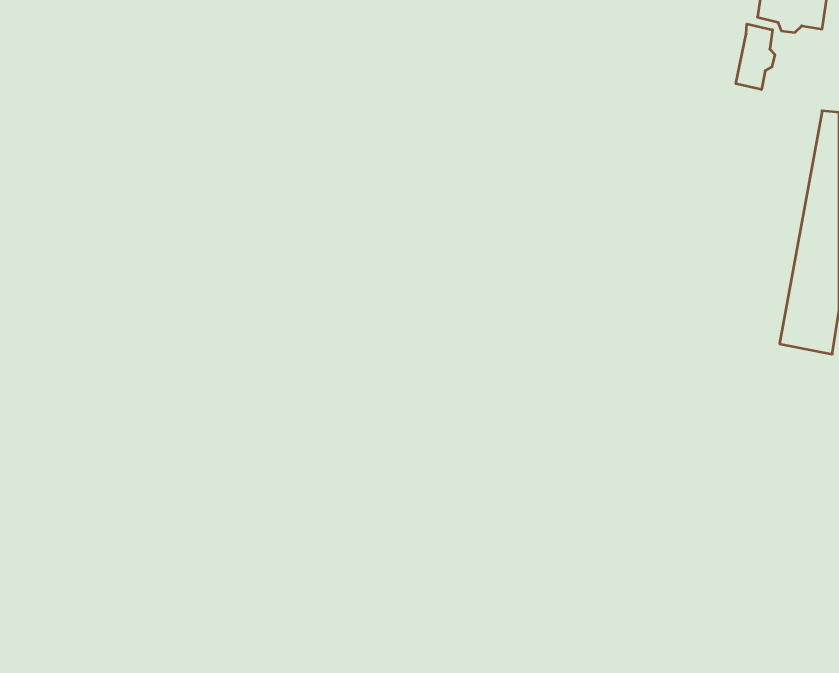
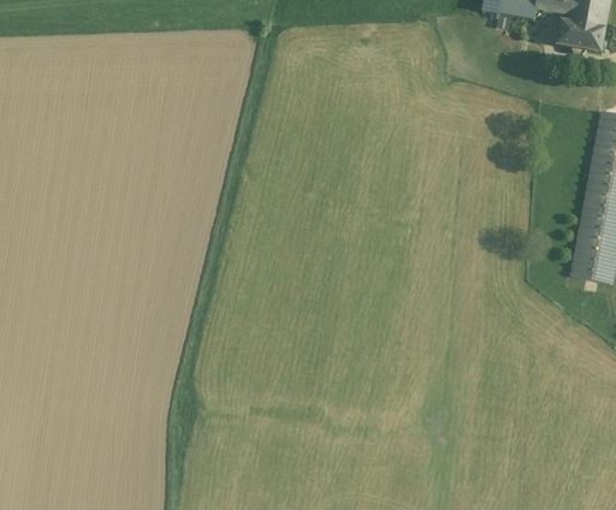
building: [736,24,775,90] -> none

